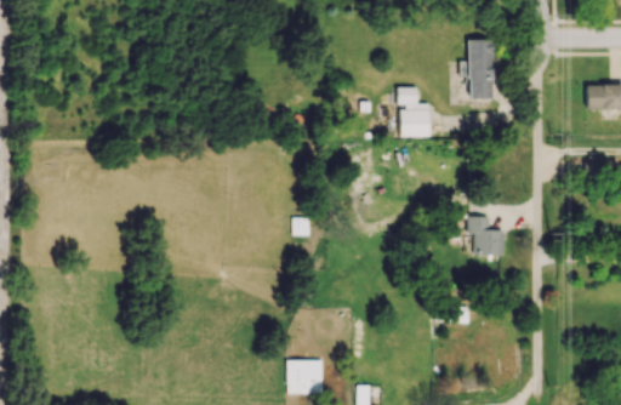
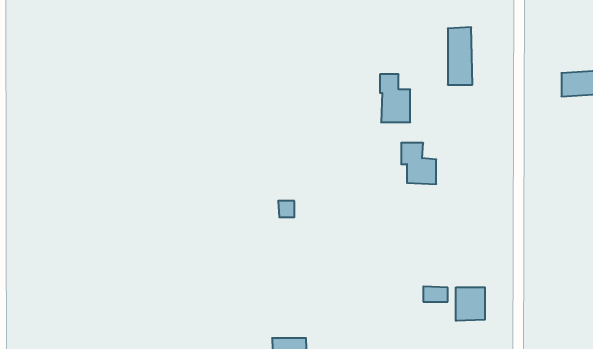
building: [468,213,505,256] -> [401,143,436,184]
building: none -> [456,287,485,321]

